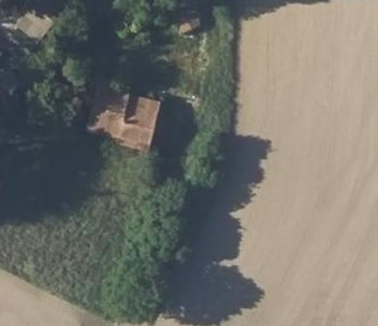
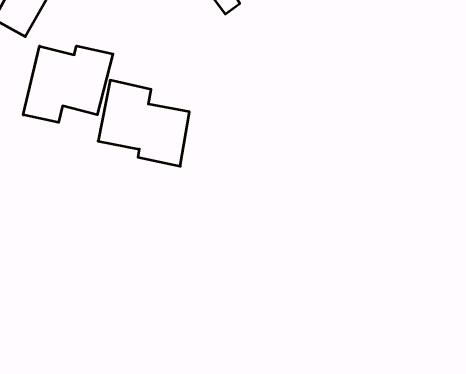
building: none -> [23,46,113,122]

